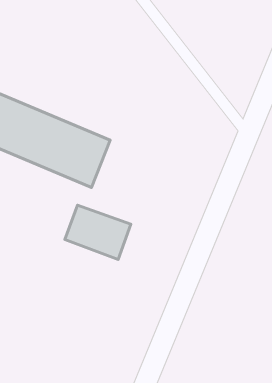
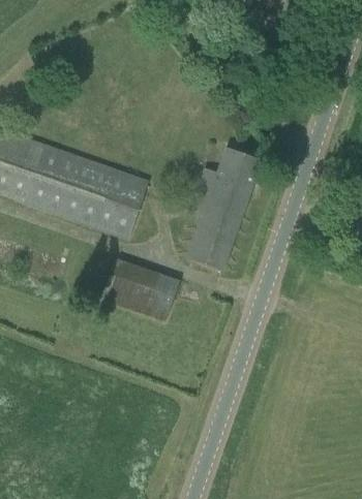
building: none -> [185,148,262,271]

